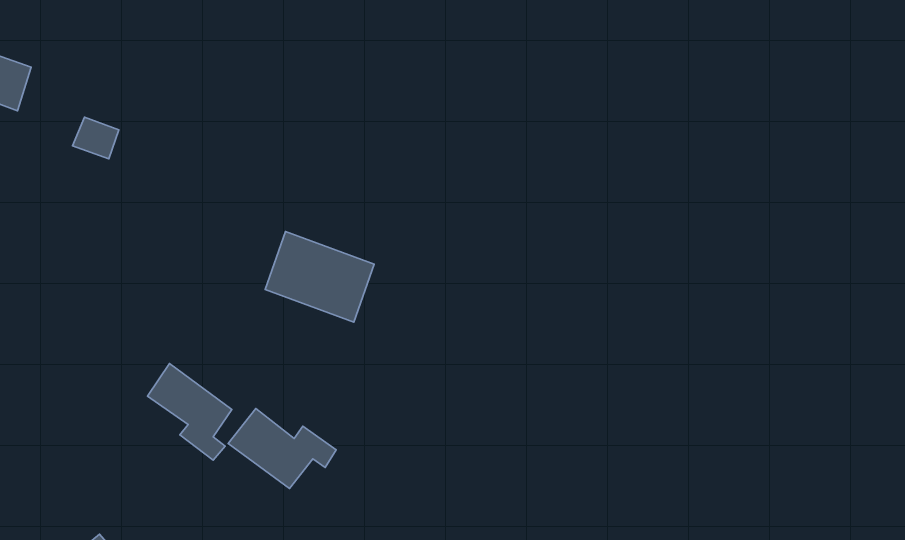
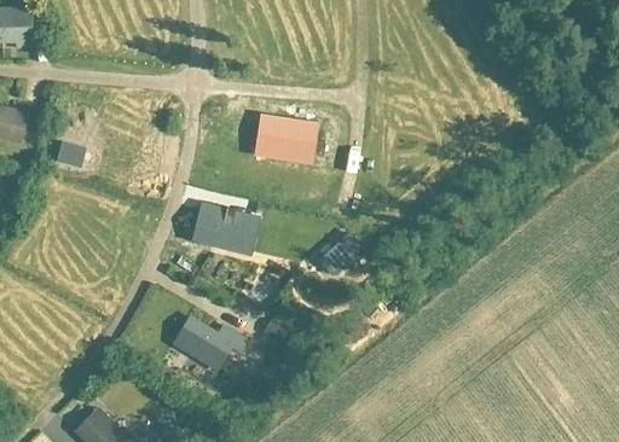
building: none -> [251,107,319,158]
building: [147,364,232,460] -> none

